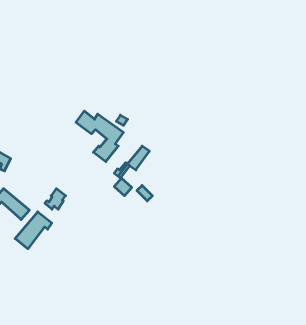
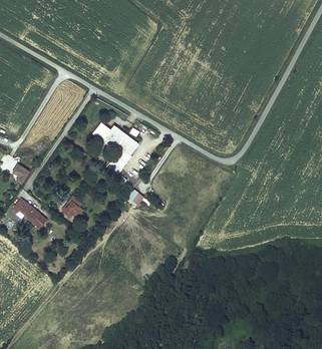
building: [15,212,52,249] -> none

